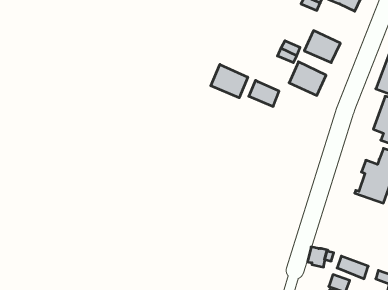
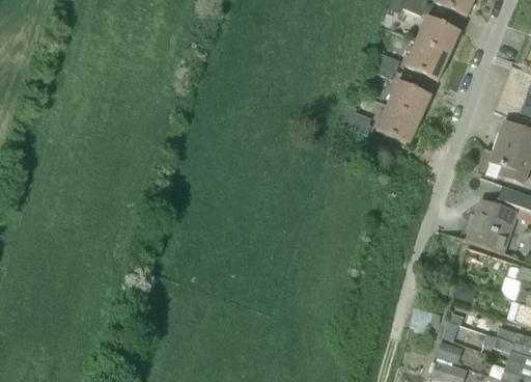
building: none -> [416,17,460,56]
building: [211,64,248,98] -> none
building: none -> [375,105,420,144]

